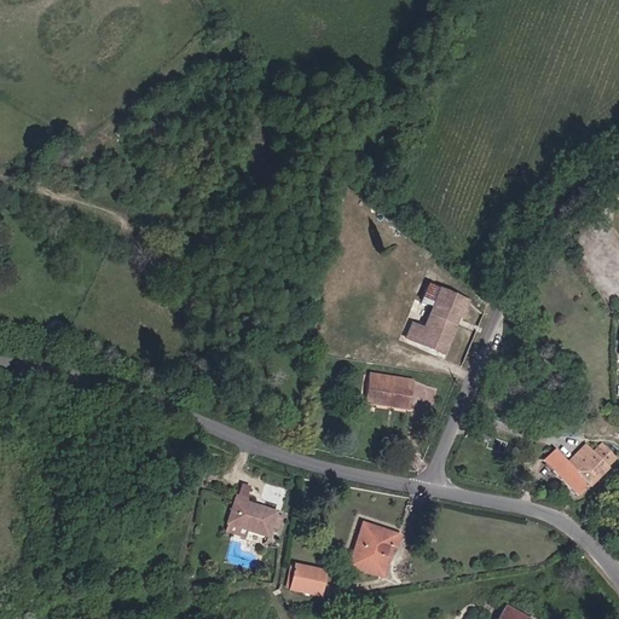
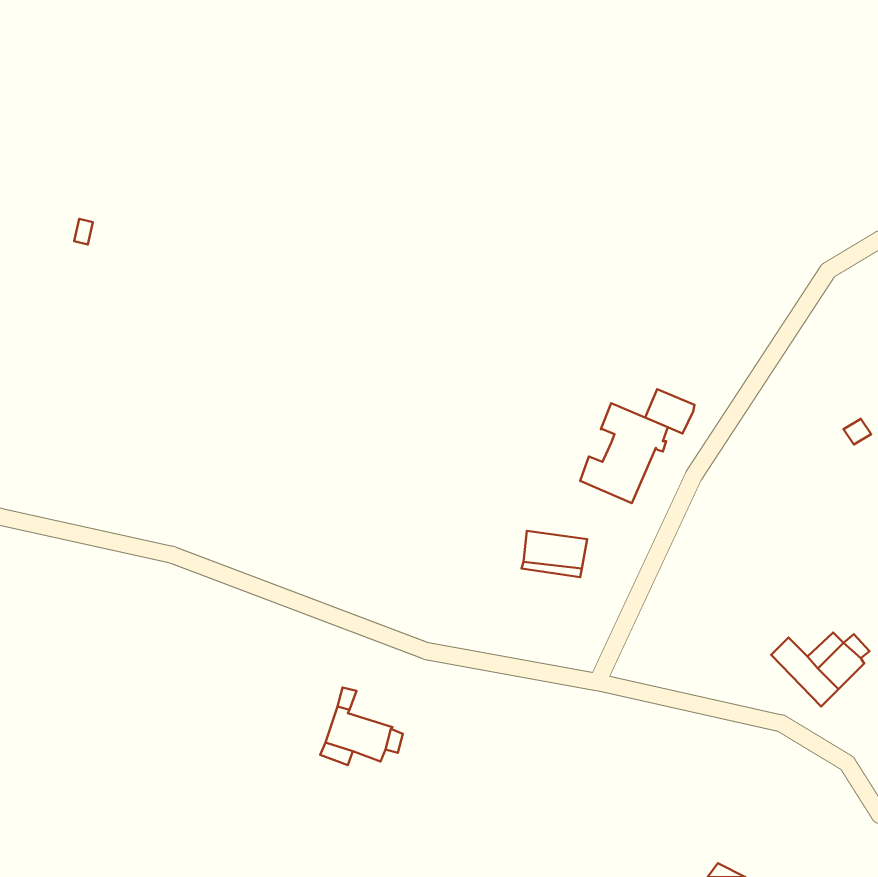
building: none -> [645,389,695,433]
building: [349,522,399,575] -> none
building: [290,565,325,594] -> none

